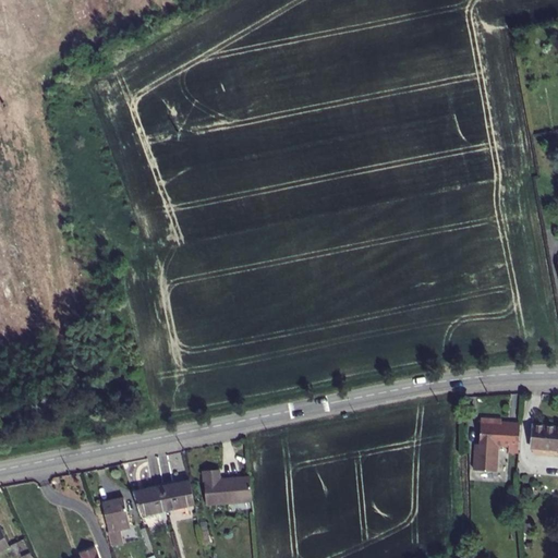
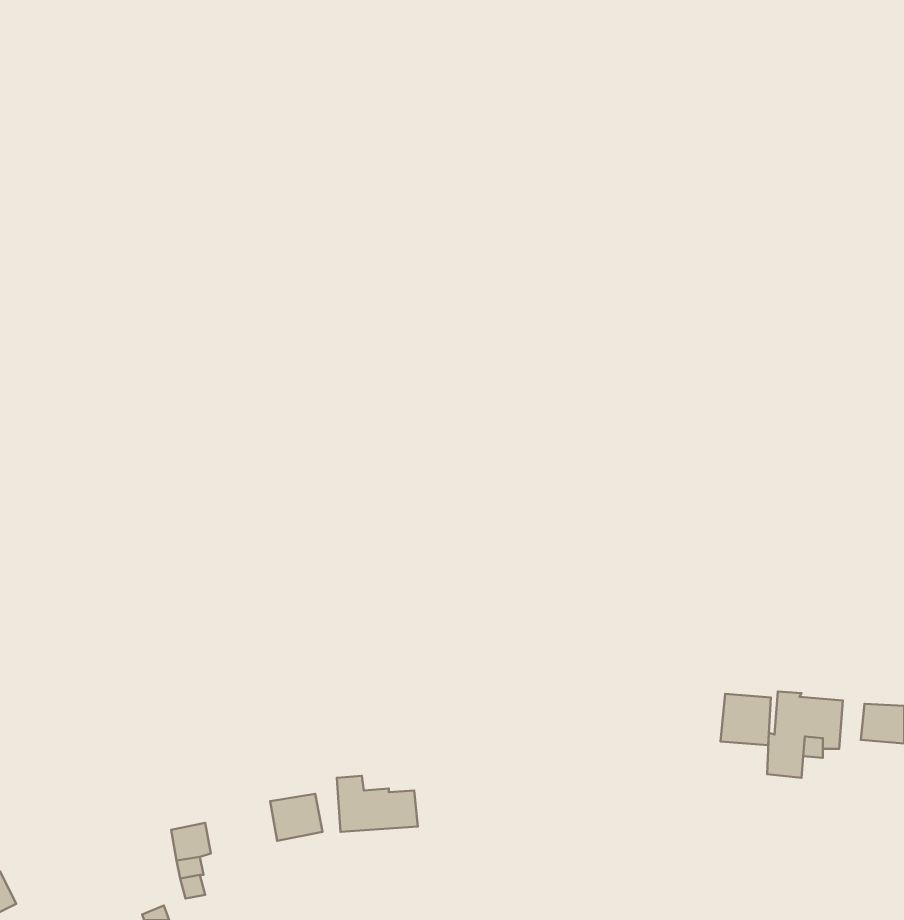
building: none -> [721,694,771,745]
building: [133,485,168,514] -> none

